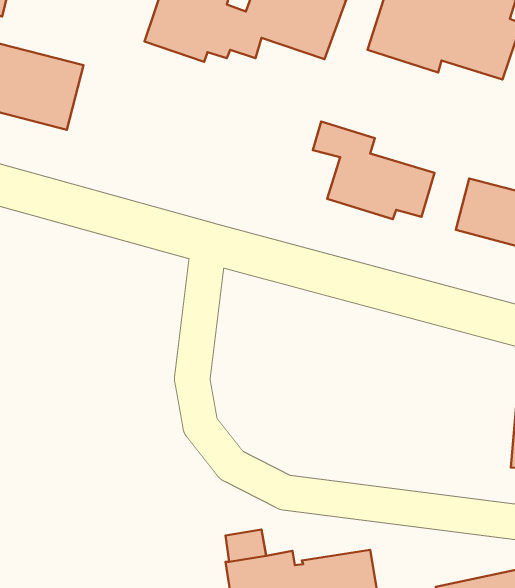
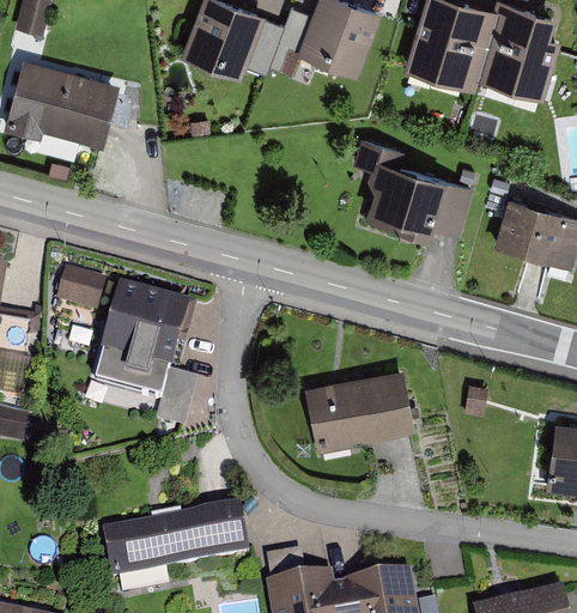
building: none -> [57,273,102,312]
building: none -> [91,287,195,423]
building: none -> [306,371,413,451]
building: none -> [99,504,247,579]

